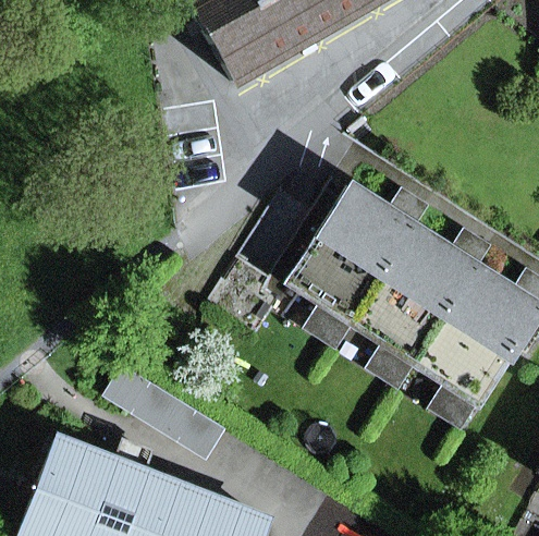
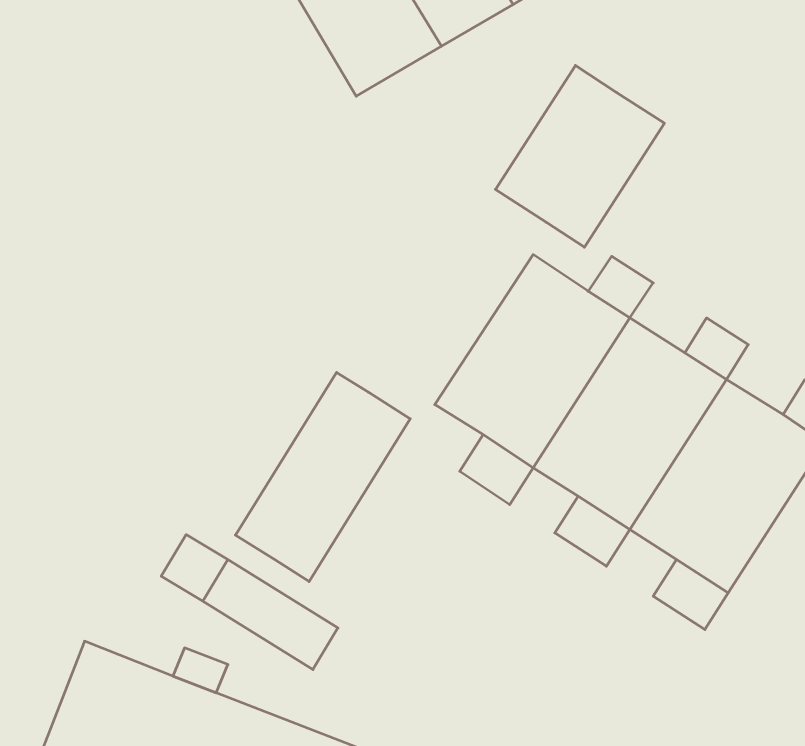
building: none -> [495,65,664,247]
building: none -> [235,372,410,582]

